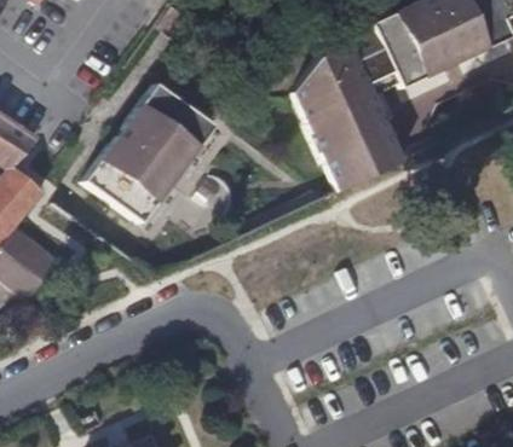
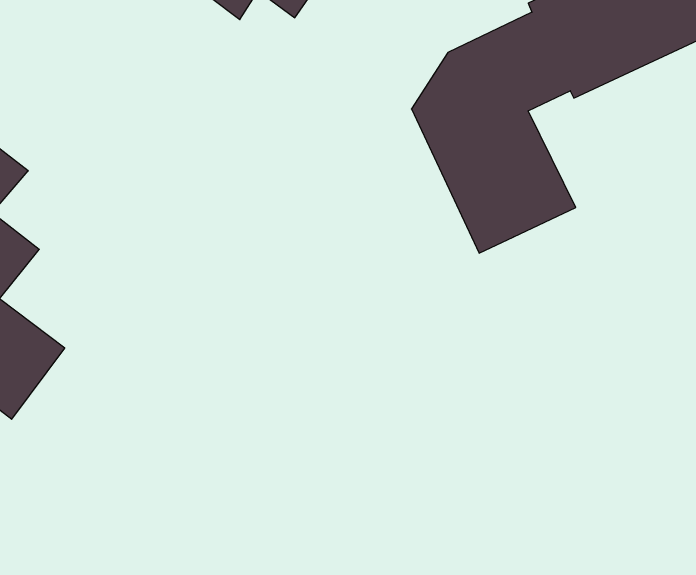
building: [90,82,214,224] -> none

